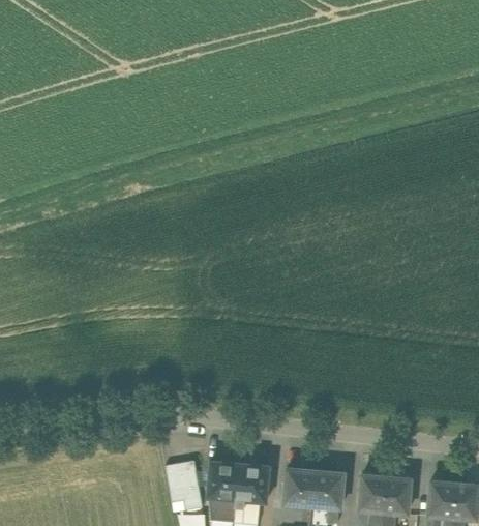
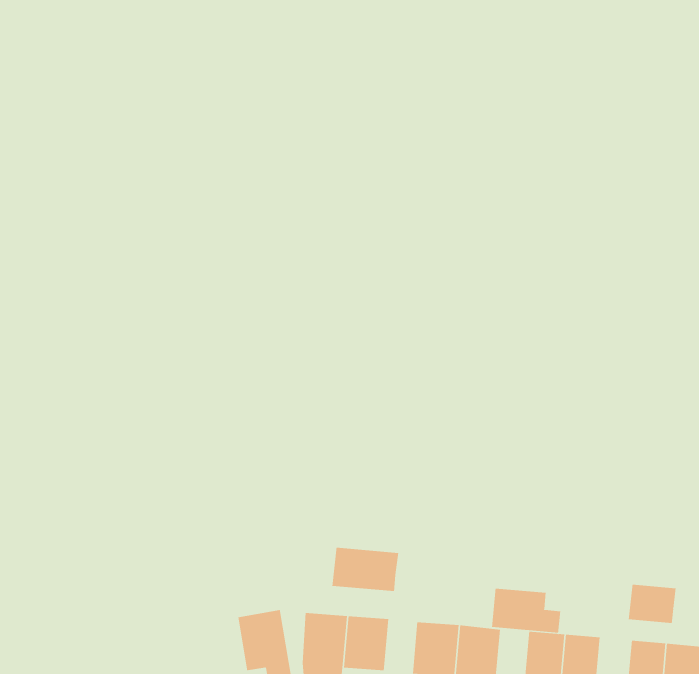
building: none -> [332,547,399,592]
building: none -> [628,584,676,624]
building: none -> [492,588,561,634]

